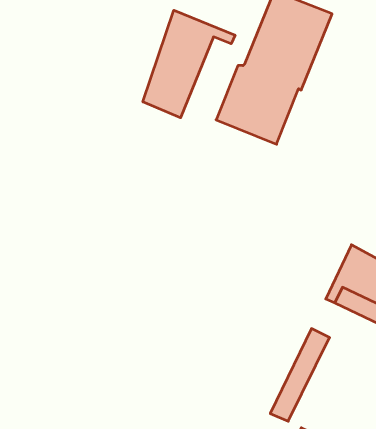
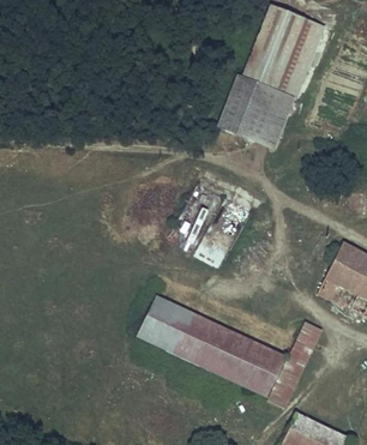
building: [143,10,235,118] -> none
building: none -> [137,293,287,397]

